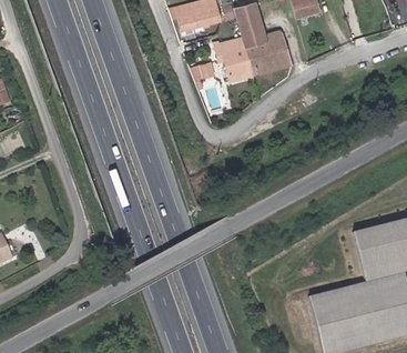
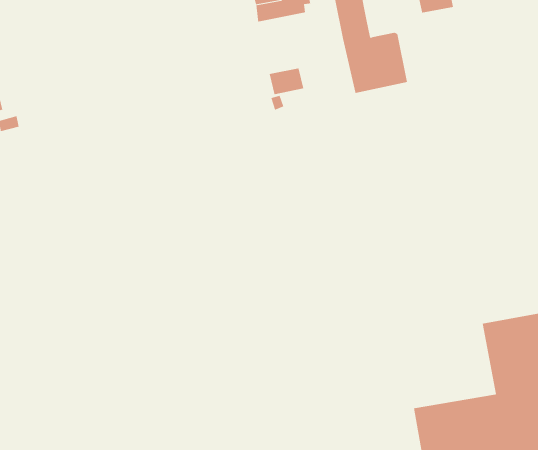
building: [215,38,254,81] -> none

